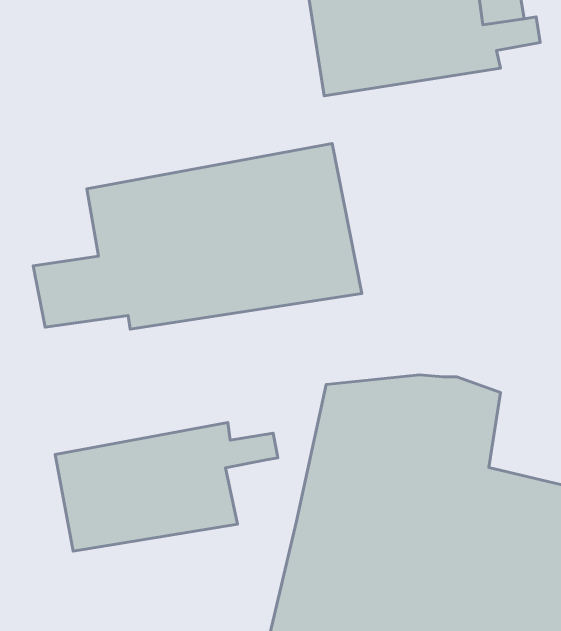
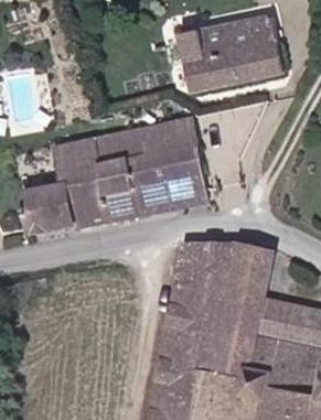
building: [55,423,278,551] -> none

